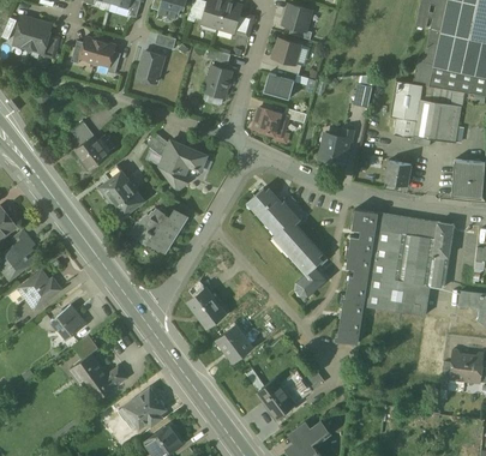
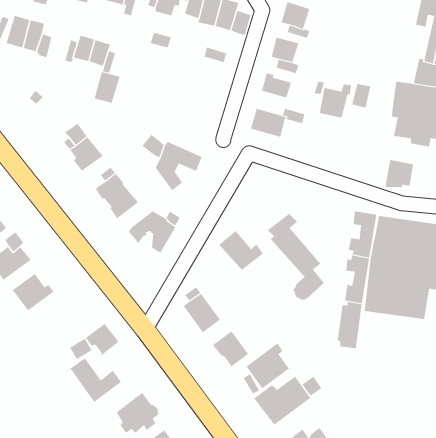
building: [138,52,164,83] -> [94,72,121,103]
building: [205,65,232,97] -> none
building: [320,130,353,163] -> [319,84,352,118]
building: [247,188,292,228] -> [219,230,264,271]
building: [52,306,85,338] -> [85,323,119,356]
building: none -> [246,342,290,389]

